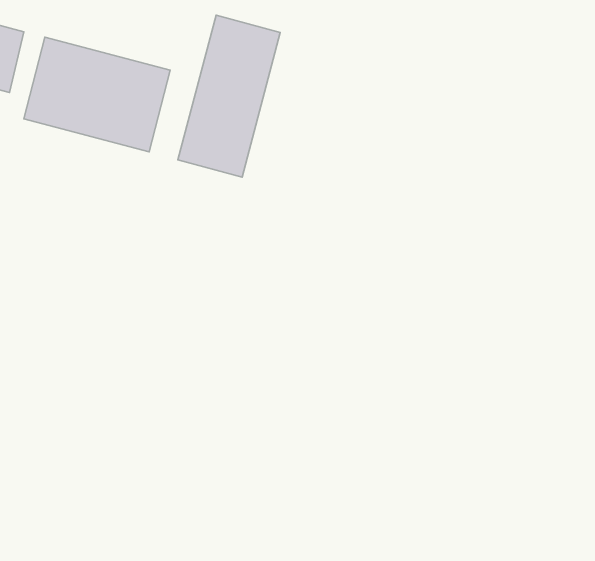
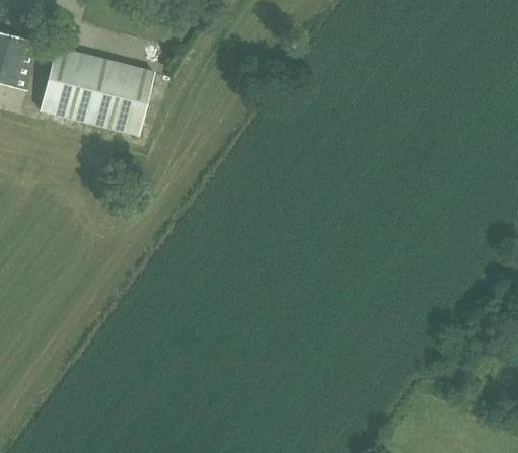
building: [178,15,280,177] -> none

